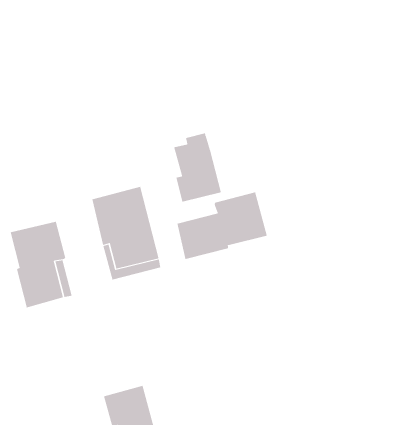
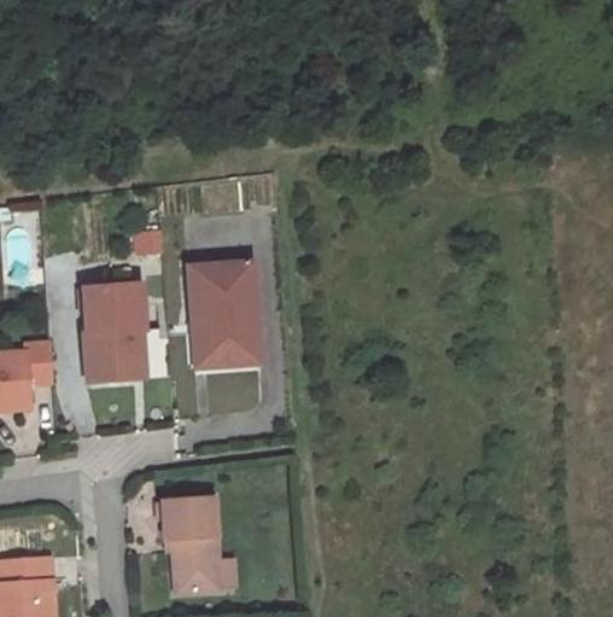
building: [173,133,221,203] -> none
building: [177,192,267,260] -> none

